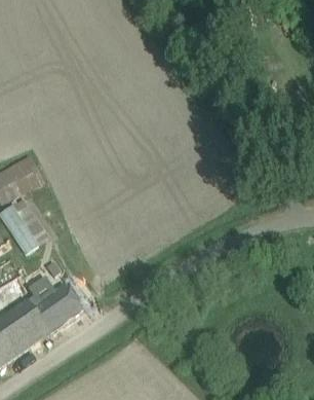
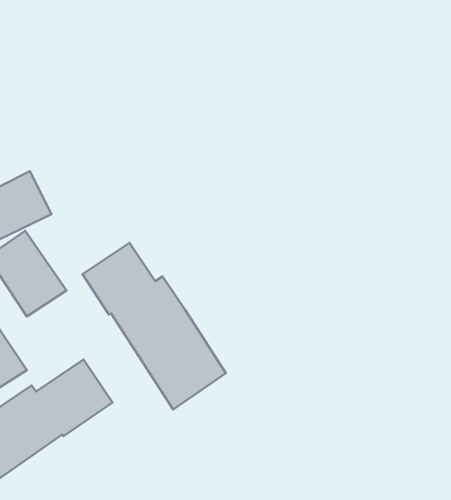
building: none -> [83,243,226,409]

